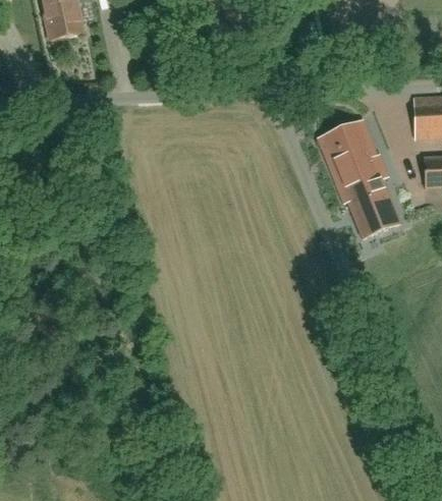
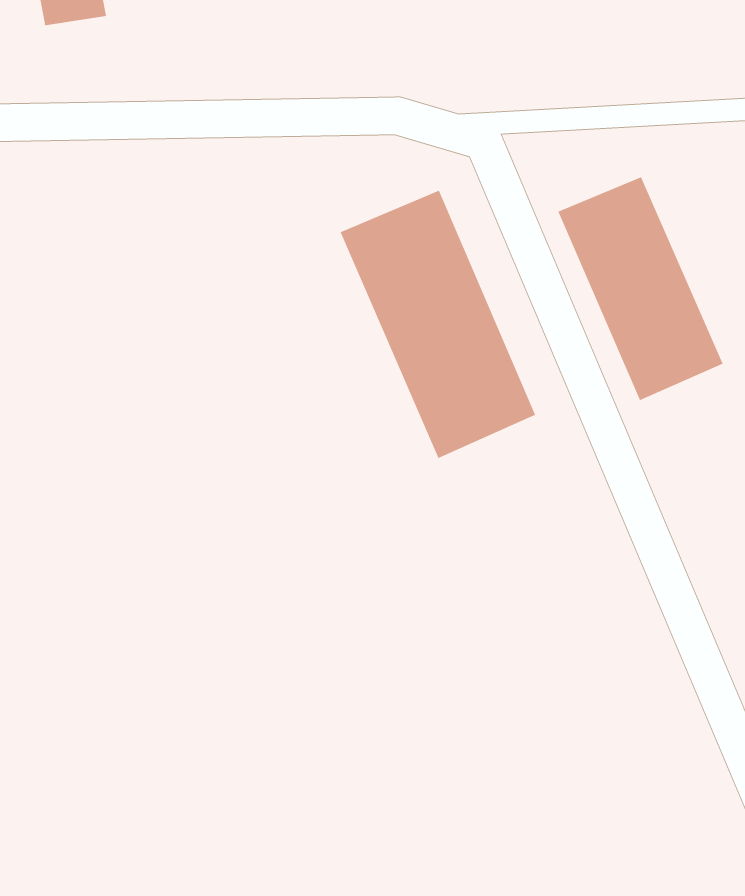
building: none -> [340,190,536,459]

